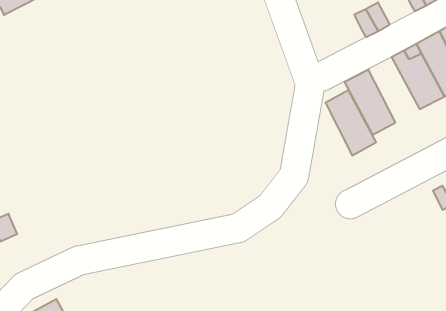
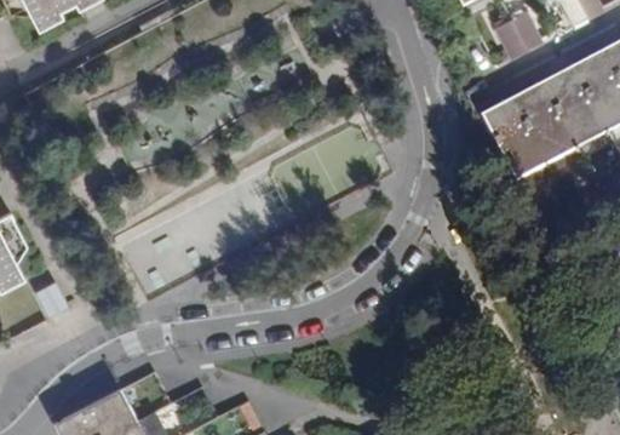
building: [325,90,376,156] -> [510,84,574,166]

